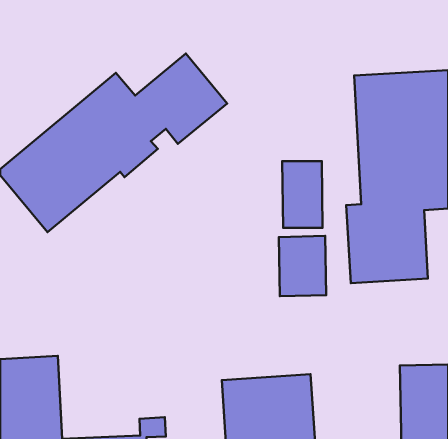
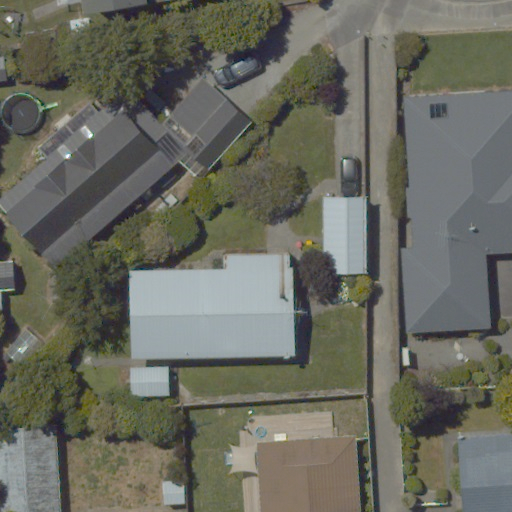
building: none -> [124,249,299,405]
building: [279,236,326,296] -> none

